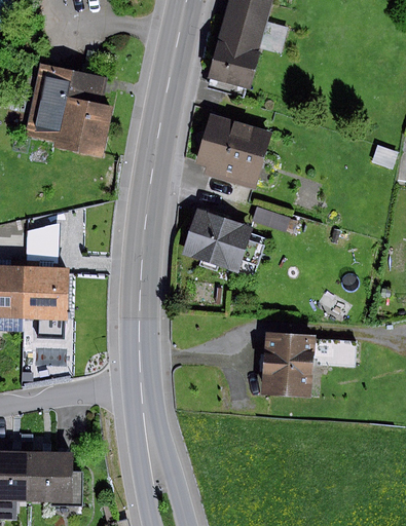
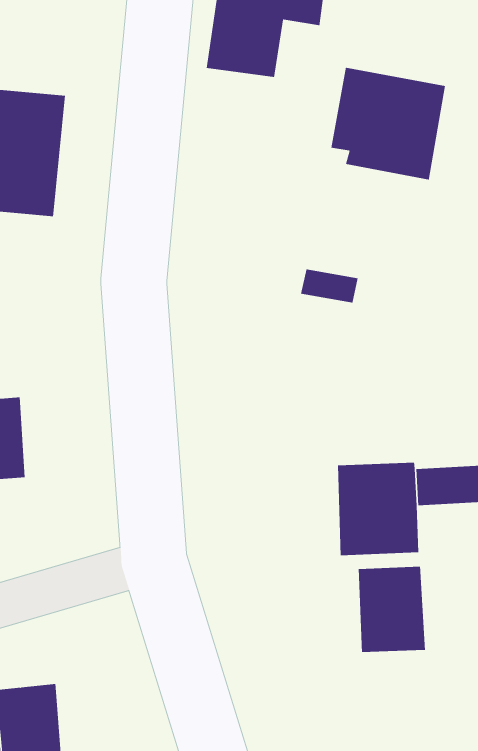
building: [196,112,273,189] -> [331,67,446,180]
building: [183,209,253,271] -> none
building: none -> [358,566,425,653]

